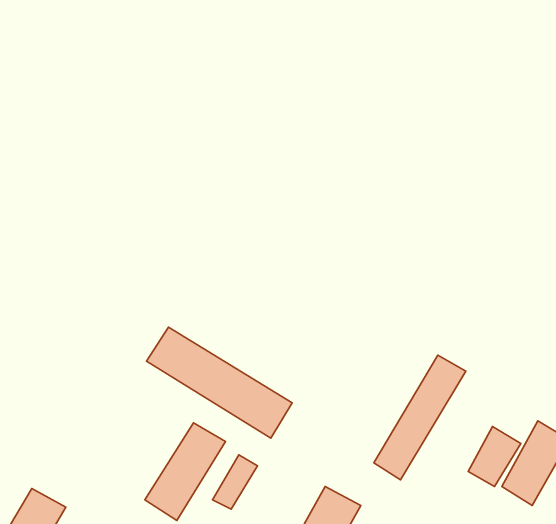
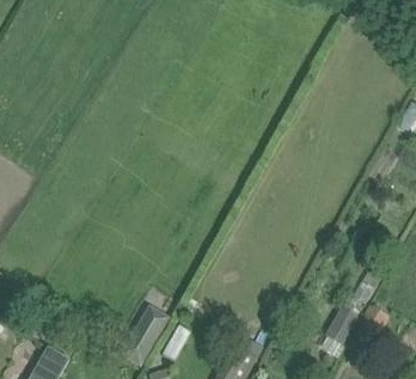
building: [146,327,292,438] -> none
building: [374,355,466,480] -> none

